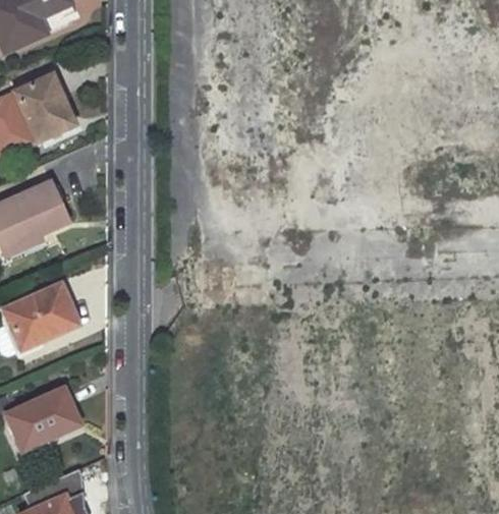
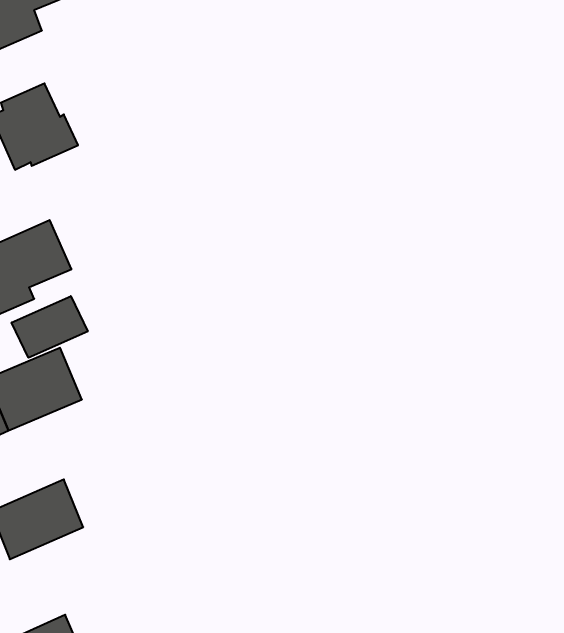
building: none -> [12,296,88,358]

